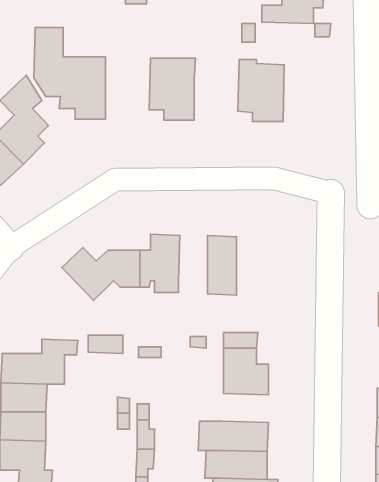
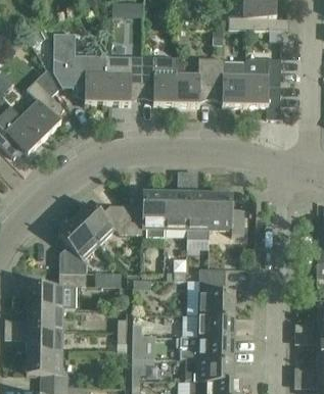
building: none -> [107,56,142,104]
building: none -> [176,58,211,106]
building: none -> [244,59,280,107]
building: none -> [164,194,186,230]
building: none -> [209,195,243,236]
building: none -> [57,218,98,275]
building: none -> [197,315,233,338]

